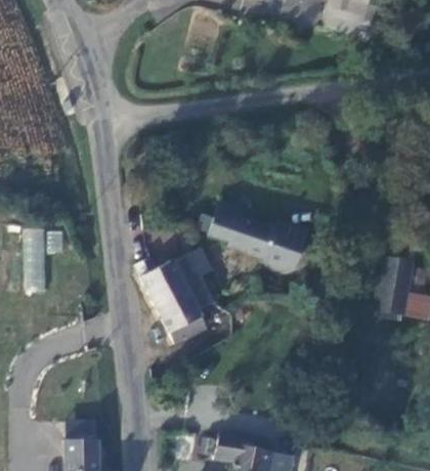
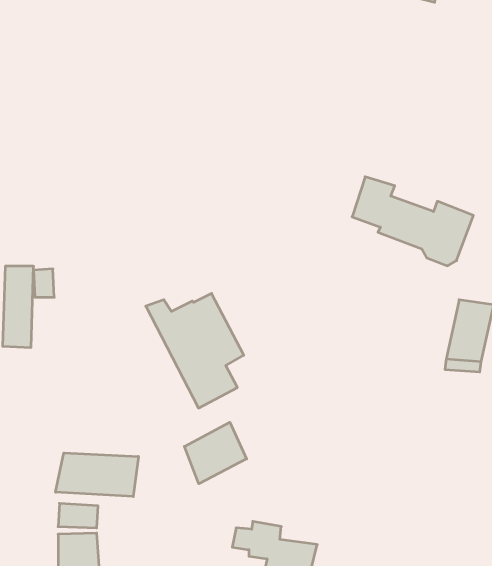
building: [208,202,304,272] -> [352,177,473,266]
building: none -> [184,422,247,484]
building: none -> [56,453,138,497]

